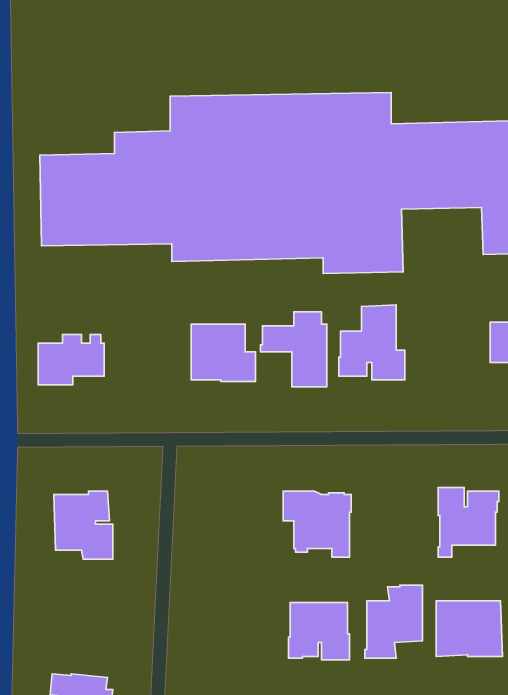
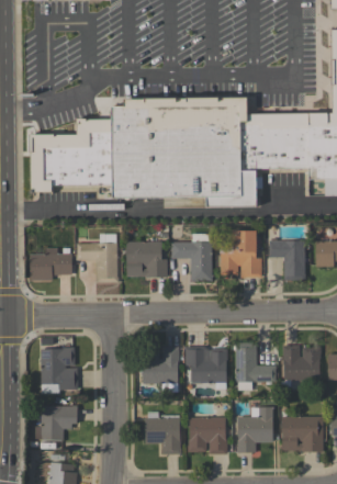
building: none -> [76,233,117,283]
building: none -> [268,238,305,280]
building: none -> [235,341,274,390]
building: none -> [142,347,179,392]
building: none -> [34,405,77,440]
building: none -> [144,412,181,454]

